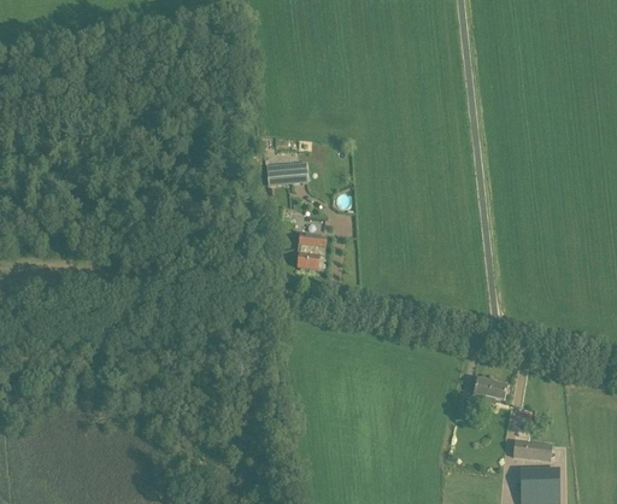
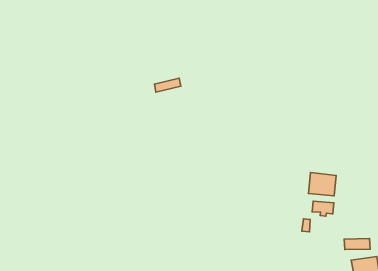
building: [296,232,324,268] -> none
building: none -> [309,173,336,196]

